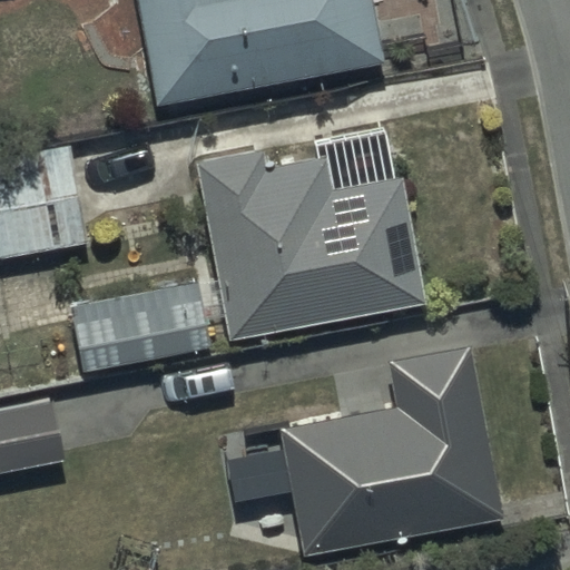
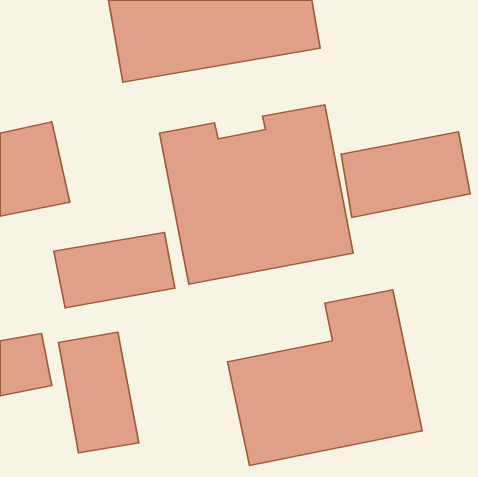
building: none -> [341,132,470,217]
building: none -> [58,332,139,453]

